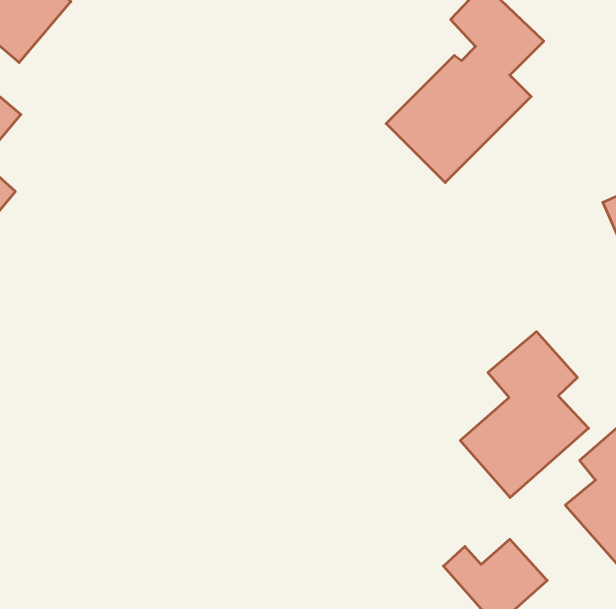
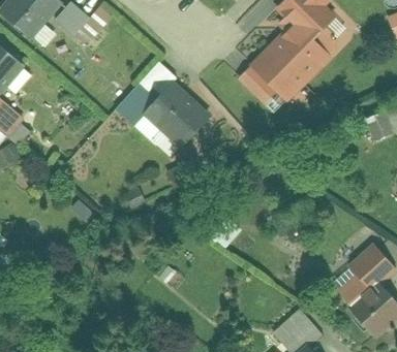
building: none -> [103,69,211,154]
building: [460,332,589,498] -> none

